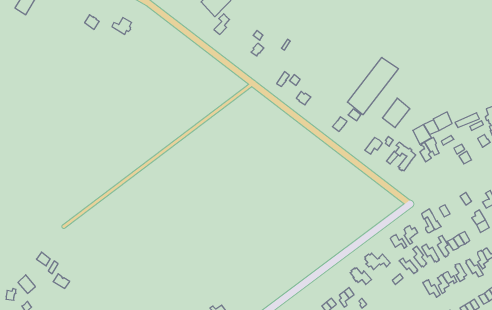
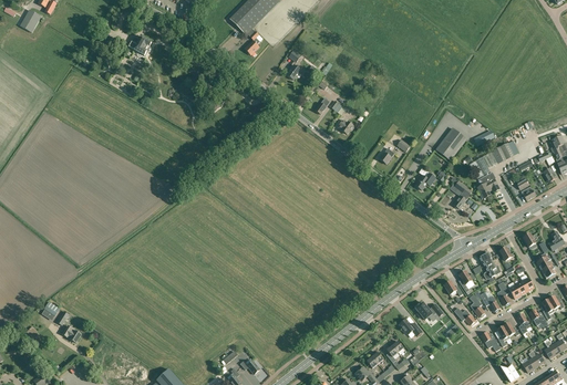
building: [347,57,398,115] -> none

